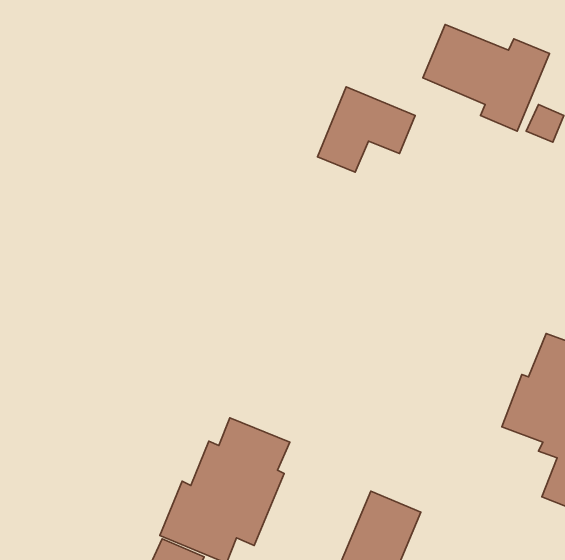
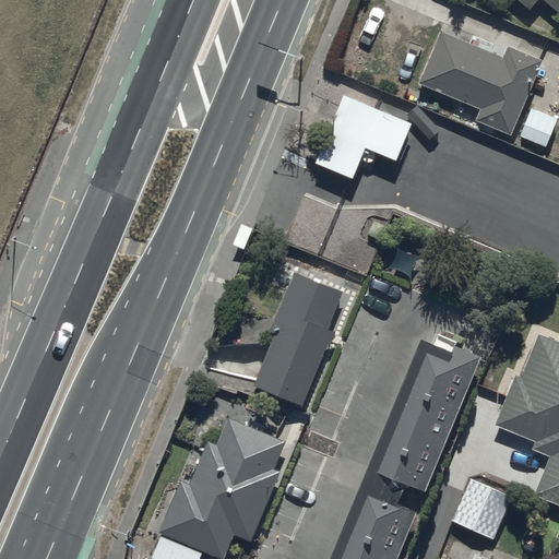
building: none -> [254,273,343,406]
building: none -> [376,344,481,489]
building: none -> [453,479,513,540]

